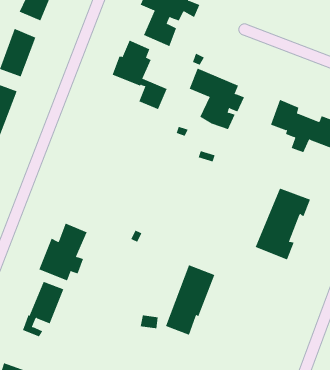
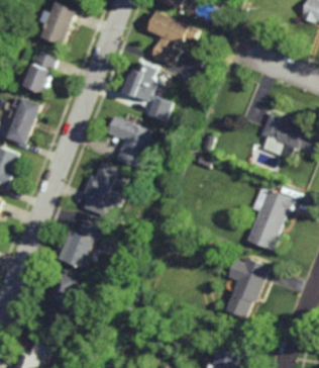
building: [189,68,245,130] -> [105,115,153,169]
building: none -> [81,163,124,218]
building: [165,264,215,336] -> [224,258,268,319]

